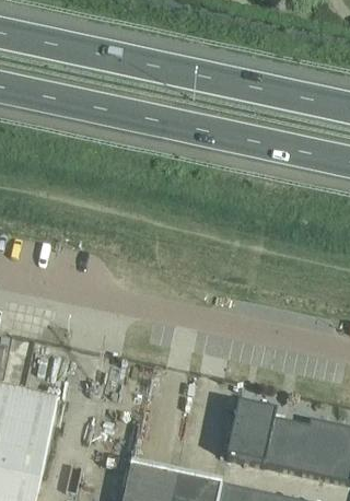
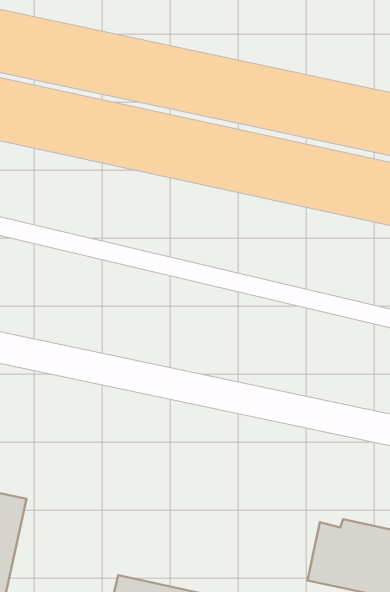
building: [226,403,292,467] -> none

